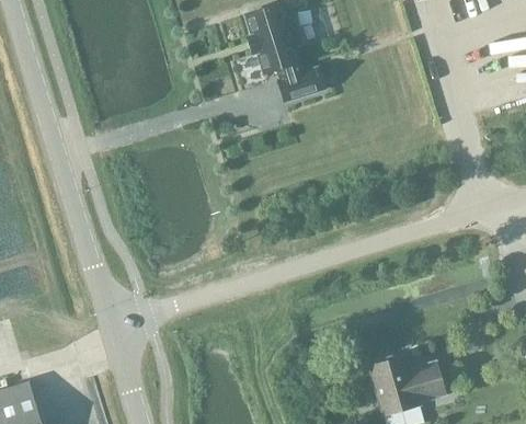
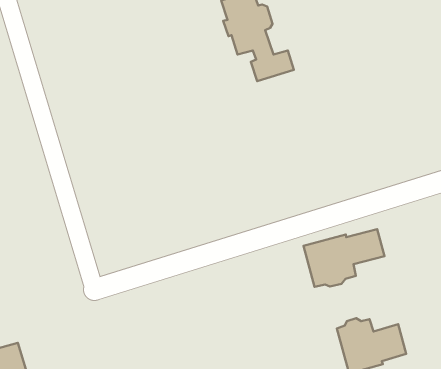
building: none -> [303,229,384,287]

